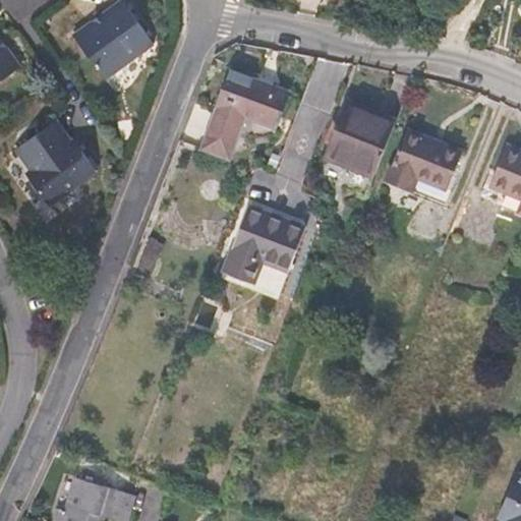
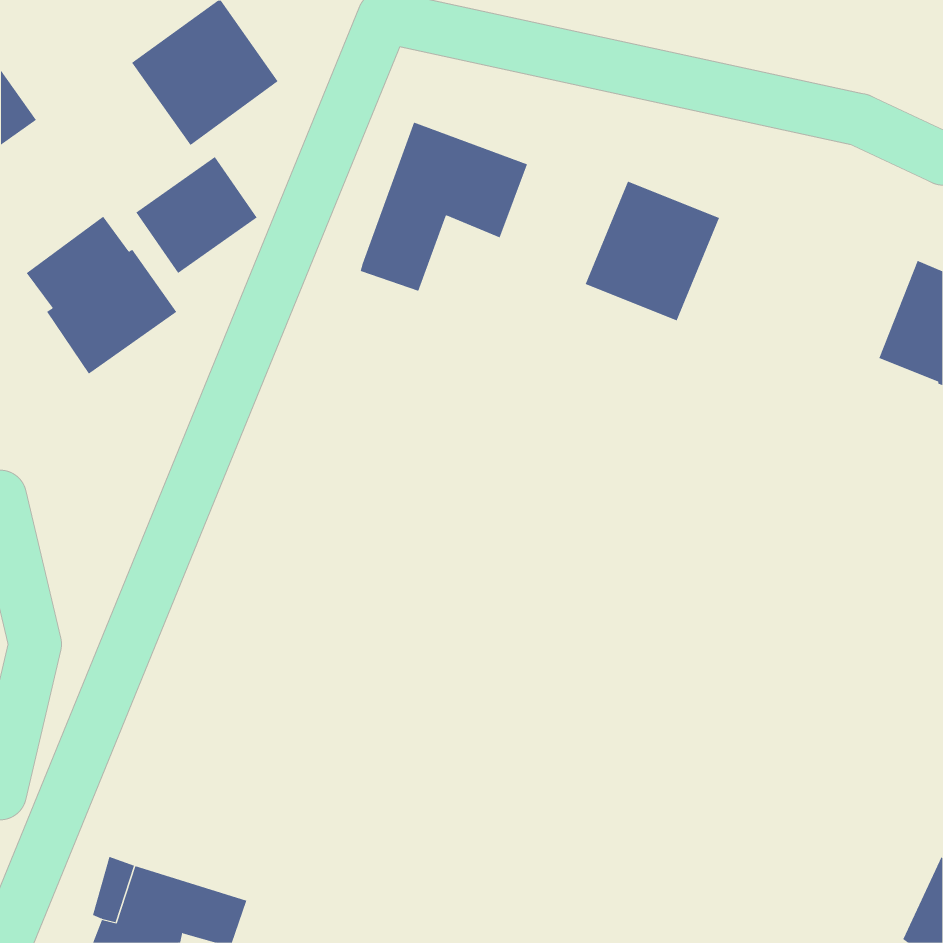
building: none -> [136,156,258,274]
building: [386,128,462,191] -> none
building: [223,205,305,292] -> none

